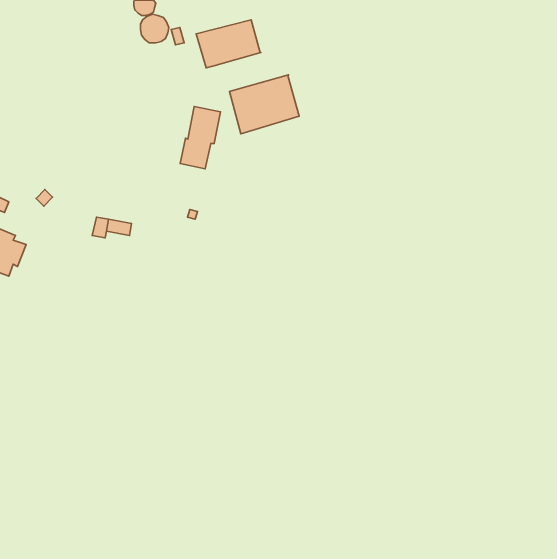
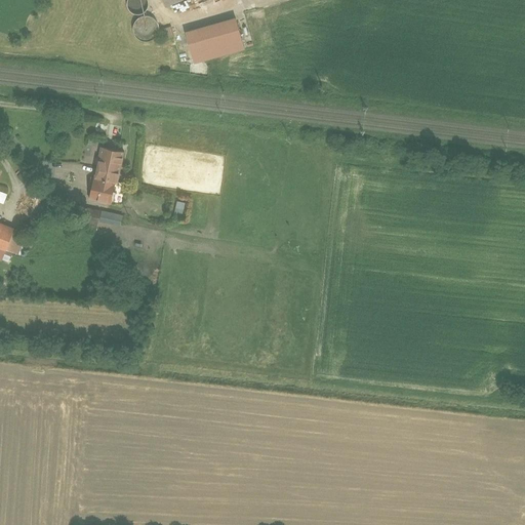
building: [229,75,299,134] -> none
building: [180,106,221,169] -> [86,142,124,200]

